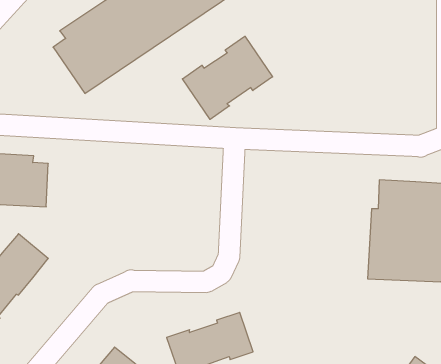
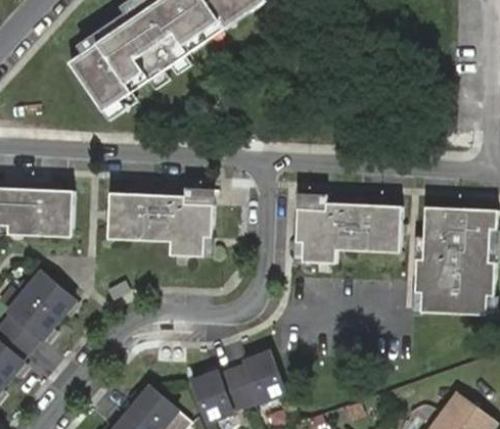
building: [182,36,273,119] -> none
building: none -> [104,185,211,256]
building: none -> [291,193,399,263]

